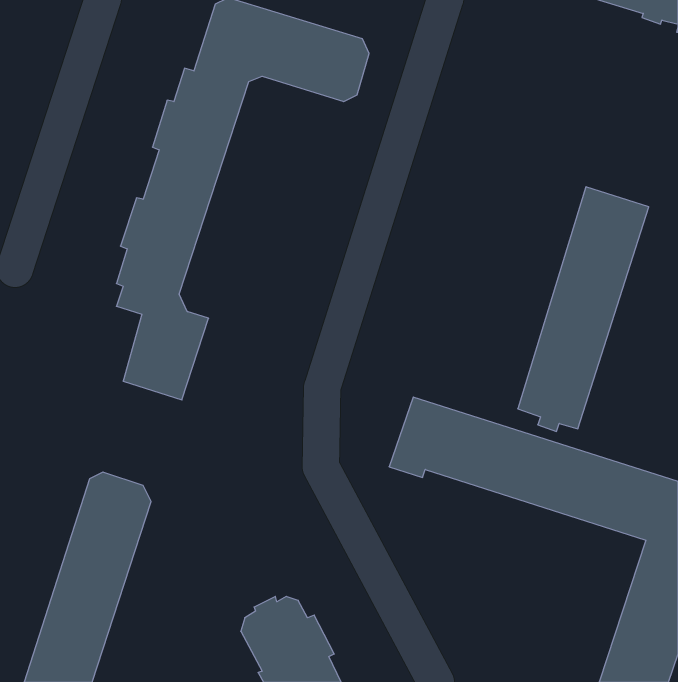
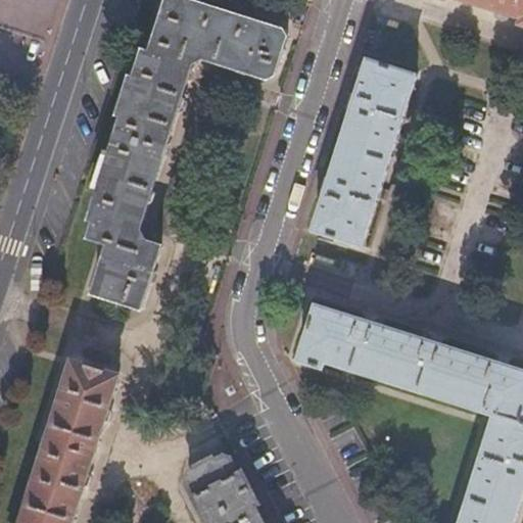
building: [518,187,649,431] -> [314,59,414,246]

